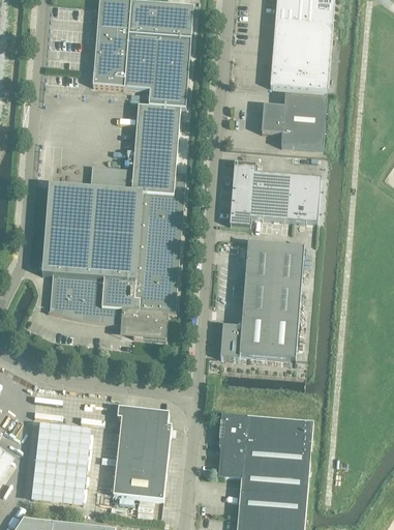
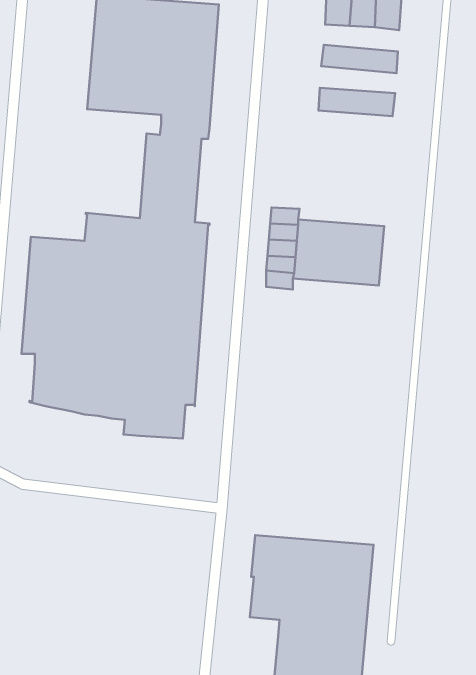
building: [274,21,332,41] -> none
building: [271,53,330,73] -> none
building: [261,94,327,149] -> none
building: [219,240,304,360] -> none
building: [113,407,171,500] -> none
building: [31,428,90,504] -> none

